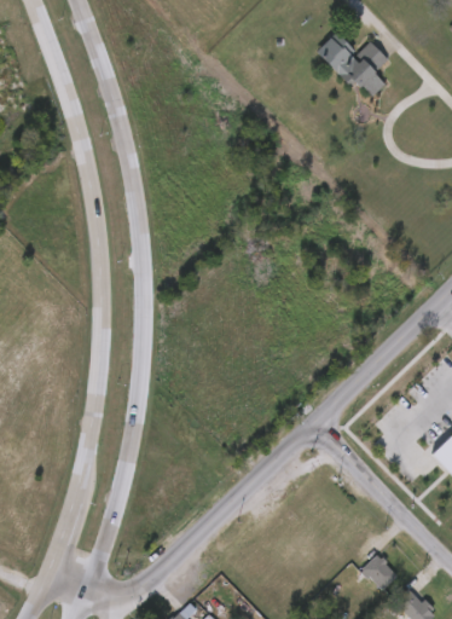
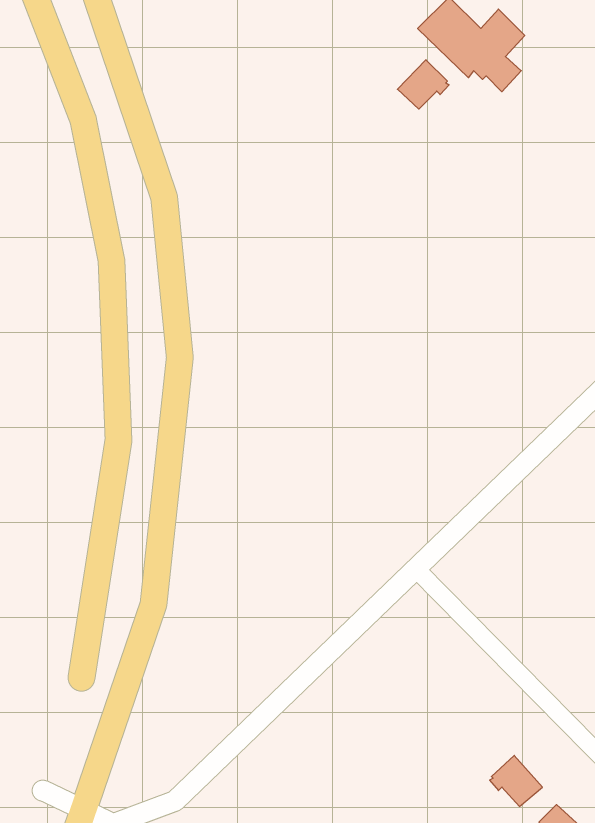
building: none -> [397,60,449,109]

